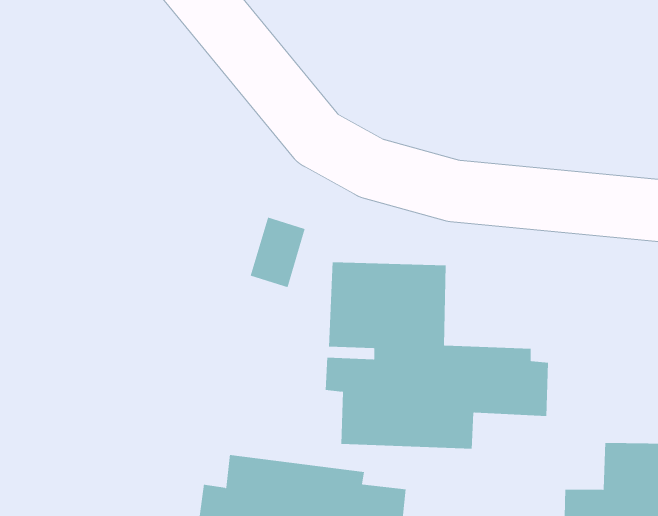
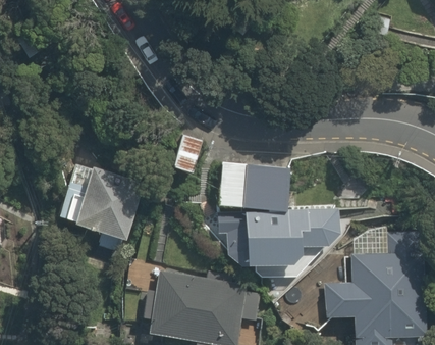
building: none -> [51,155,146,242]

